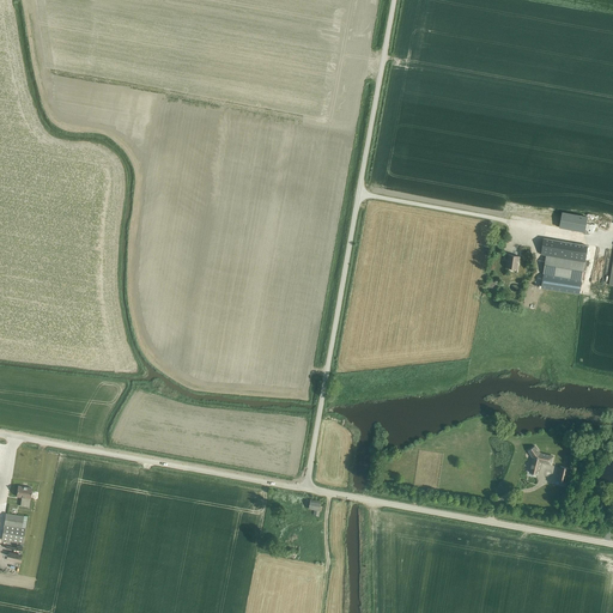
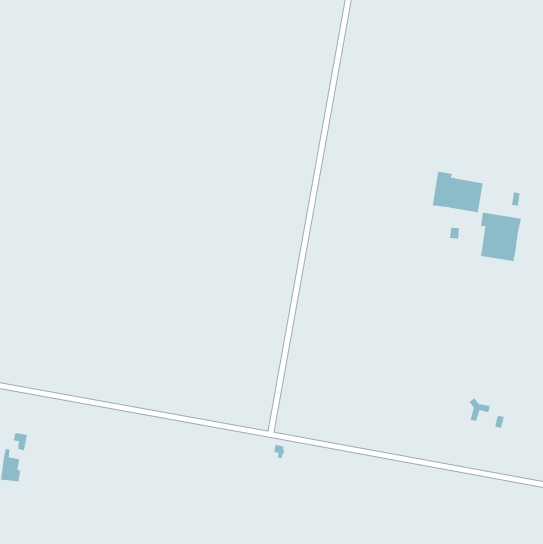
building: none -> [432,171,483,213]

